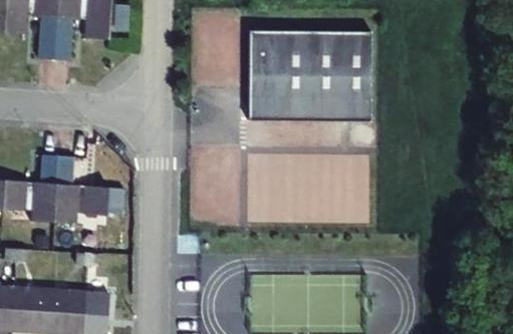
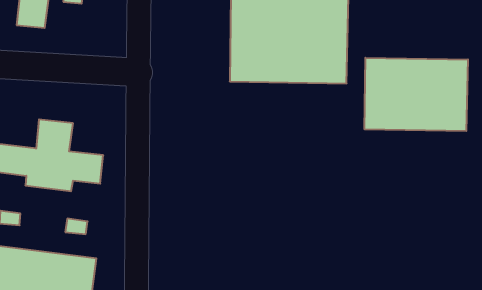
building: none -> [365,58,468,131]

